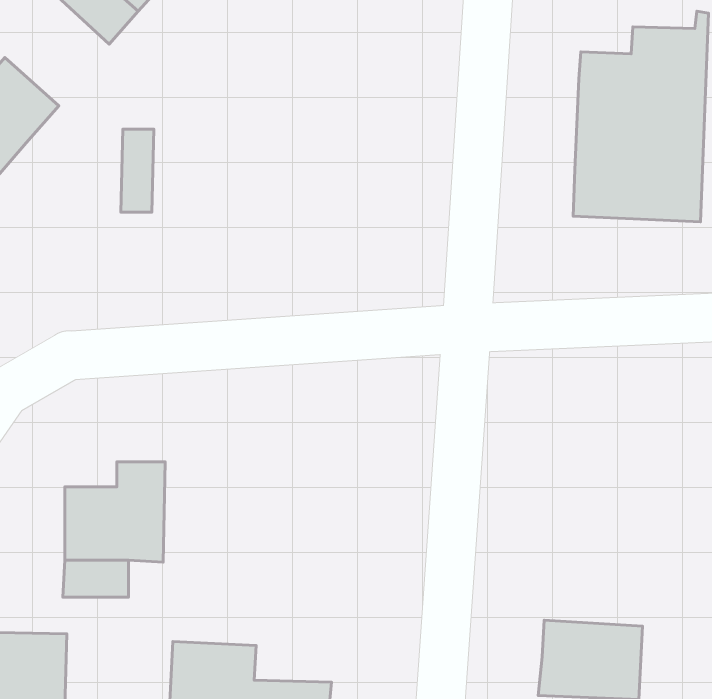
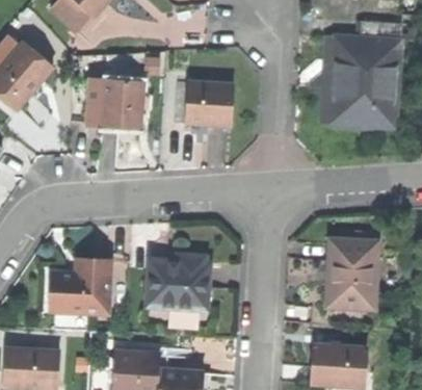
building: none -> [102,79,138,128]
building: none -> [186,84,230,126]
building: none -> [326,241,376,310]
building: none -> [147,253,209,309]

